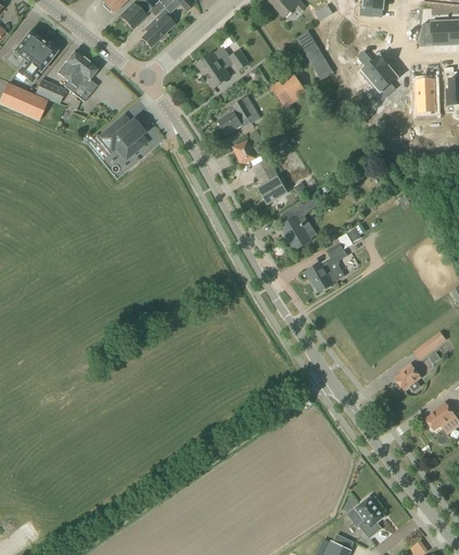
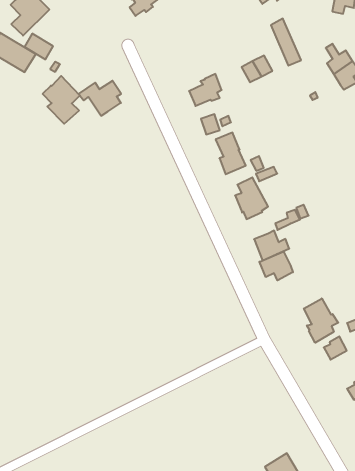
building: [197,47,250,87] -> none
building: [56,50,98,101] -> [43,76,80,124]
building: none -> [259,251,293,280]
building: none -> [304,298,338,343]

